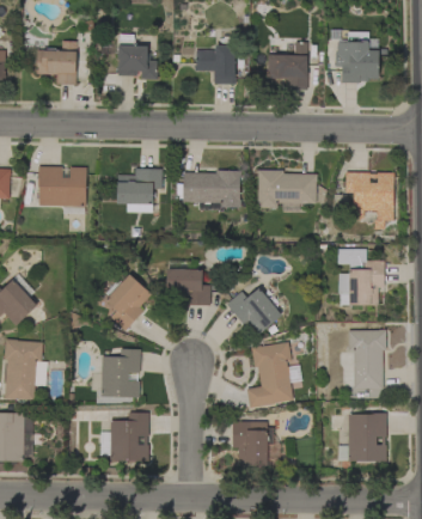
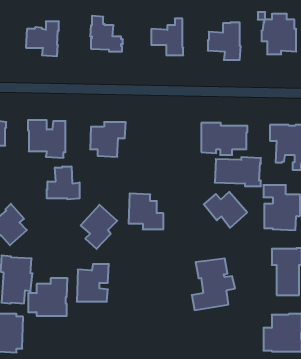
building: [183,170,241,207] -> [215,157,261,186]
building: none -> [47,166,80,199]
building: [226,288,281,334] -> [204,192,247,228]
building: [99,413,149,460] -> [28,278,68,316]
building: [232,421,280,465] -> none

